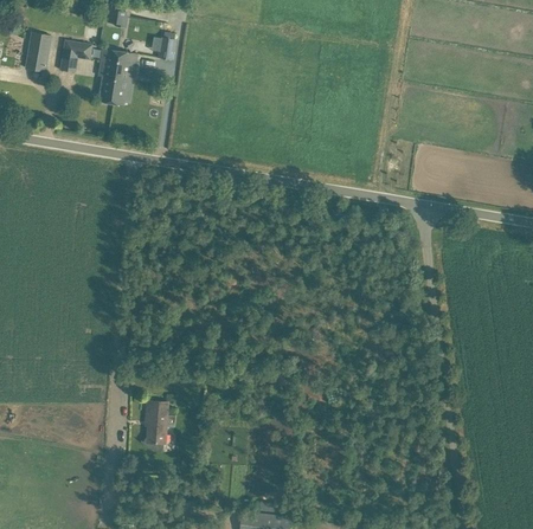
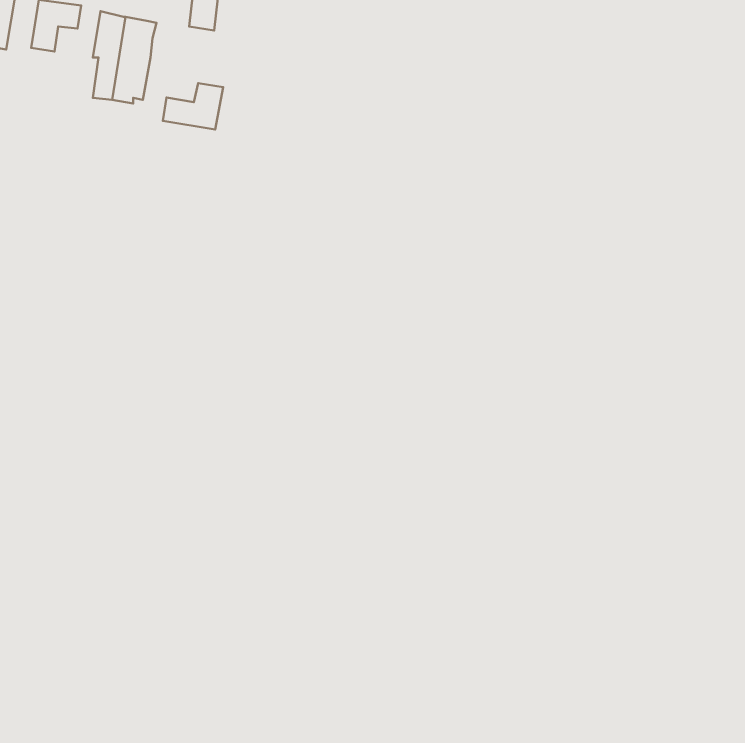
building: none -> [163,83,223,130]
building: [142,400,171,452] -> none

